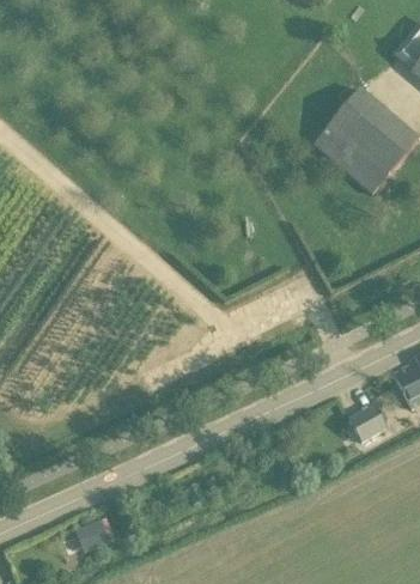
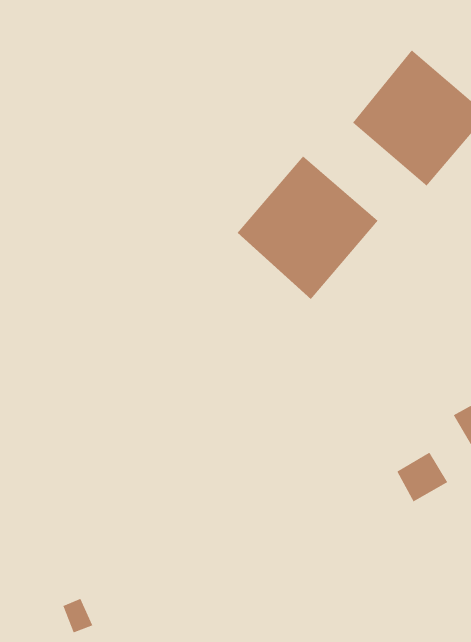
building: none -> [237,156,378,300]

